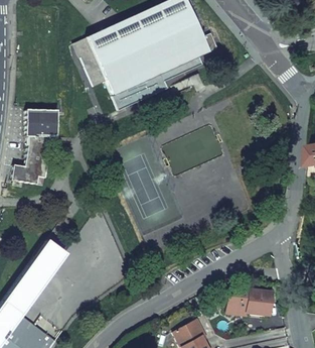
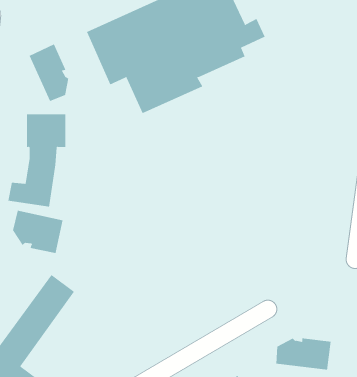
building: none -> [29,44,69,102]
building: none -> [12,210,63,254]

